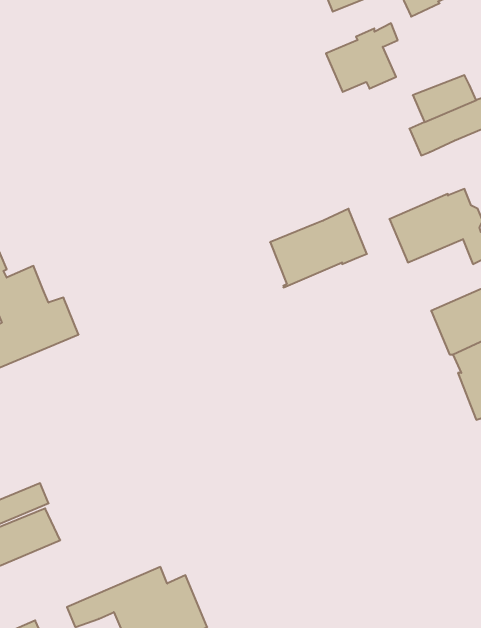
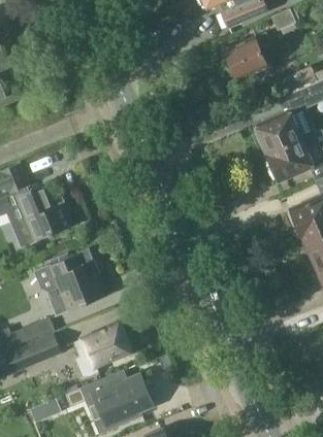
building: [270,209,367,287] -> [256,106,316,155]
building: none -> [45,249,106,316]
building: none -> [73,323,129,378]

